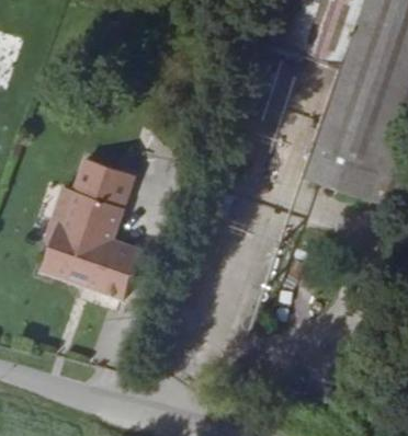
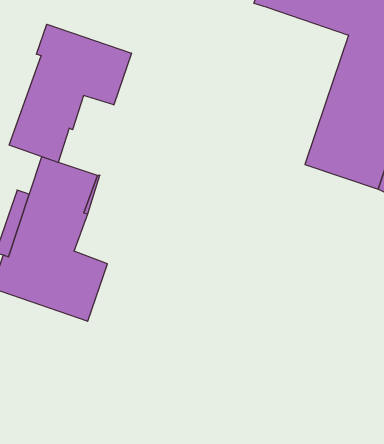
building: none -> [9,24,131,163]

